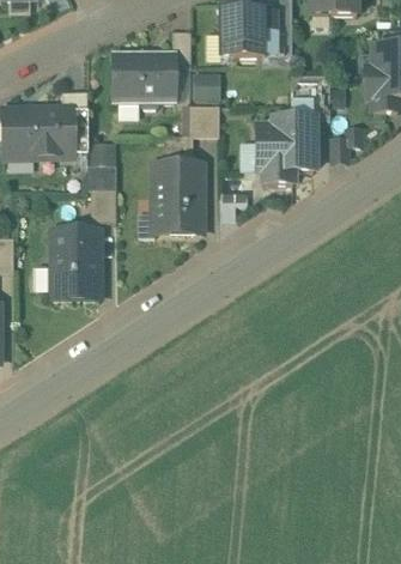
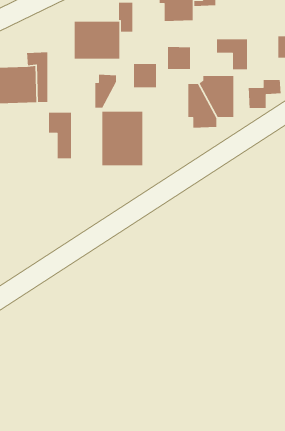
building: [192,67,220,96] -> [167,46,191,70]
building: none -> [94,74,117,109]
building: [51,226,98,293] -> none

